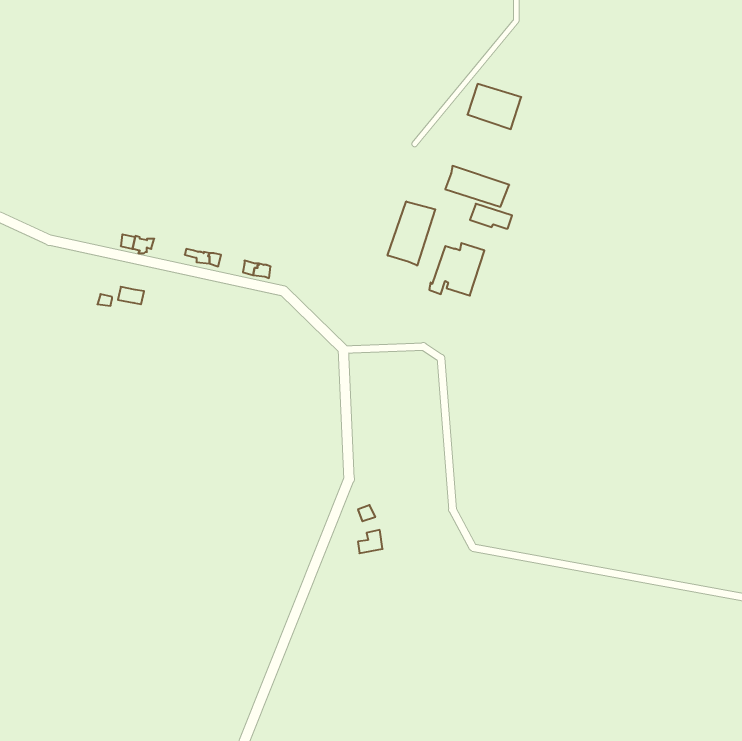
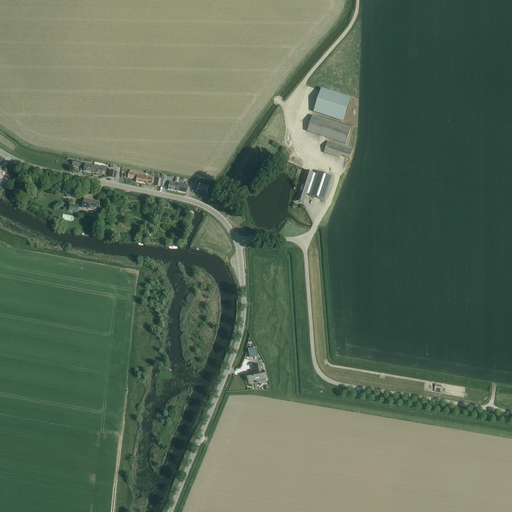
building: [467,84,521,129] -> [313,88,350,119]
building: [388,201,435,266] -> none

